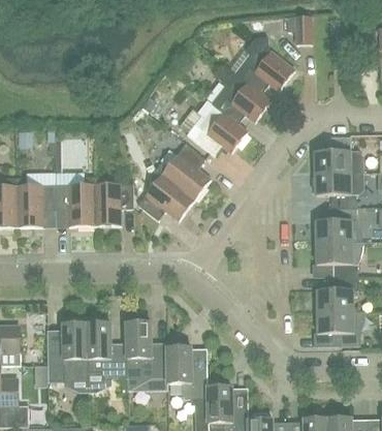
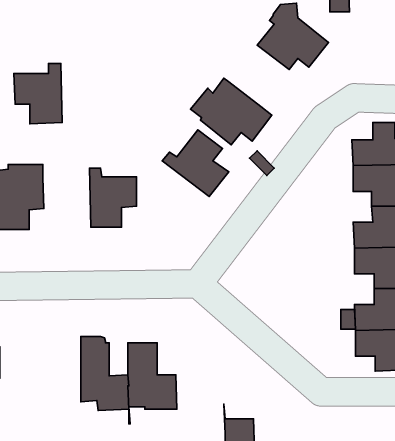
building: [211,69,270,124] -> none
building: [137,170,194,221] -> none
building: [55,176,95,226] -> [14,64,62,124]
building: [46,317,87,380] -> none
building: [166,347,208,399] -> none

